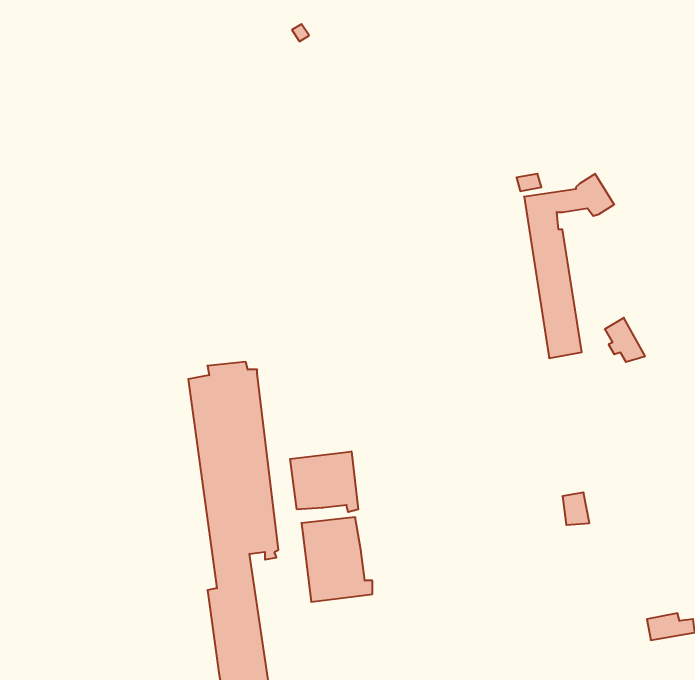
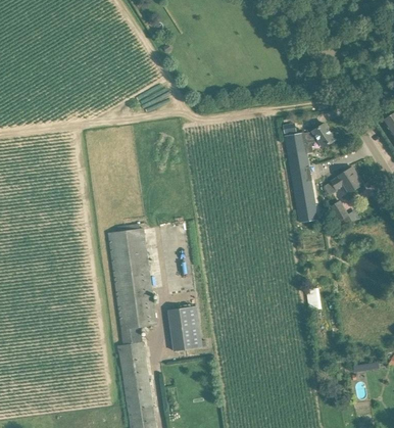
building: none -> [325,168,362,195]
building: [290,451,358,512] -> none

